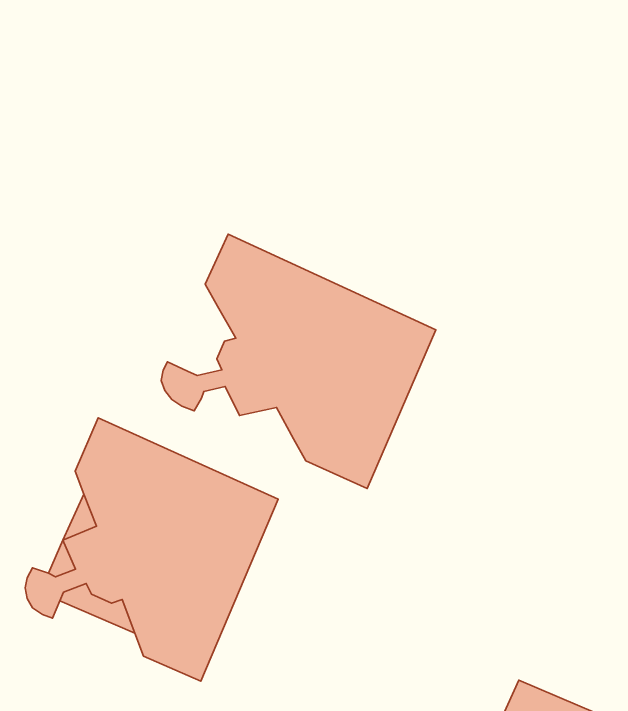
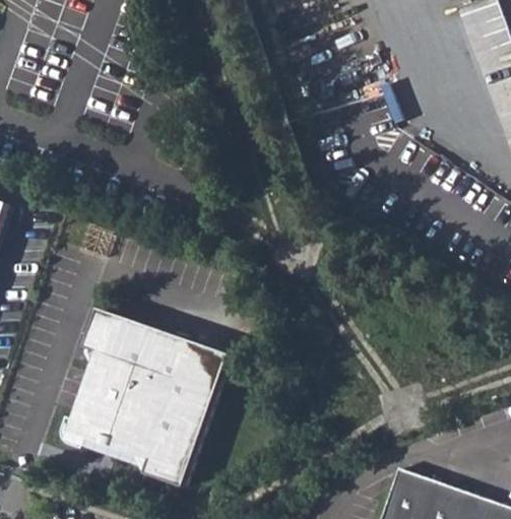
building: [161,234,436,489] -> none

